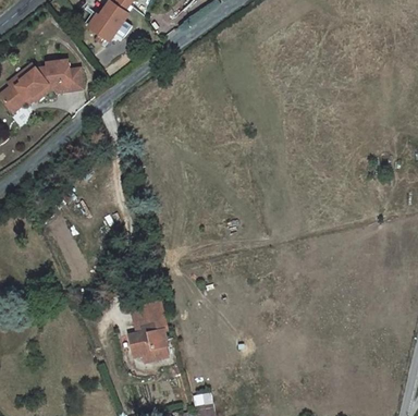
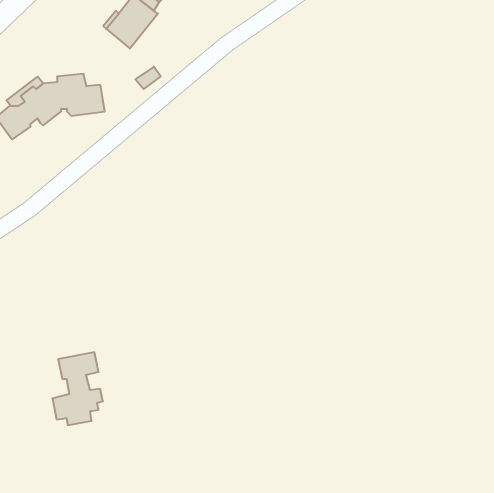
building: [130,304,169,360] -> [52,352,103,425]

